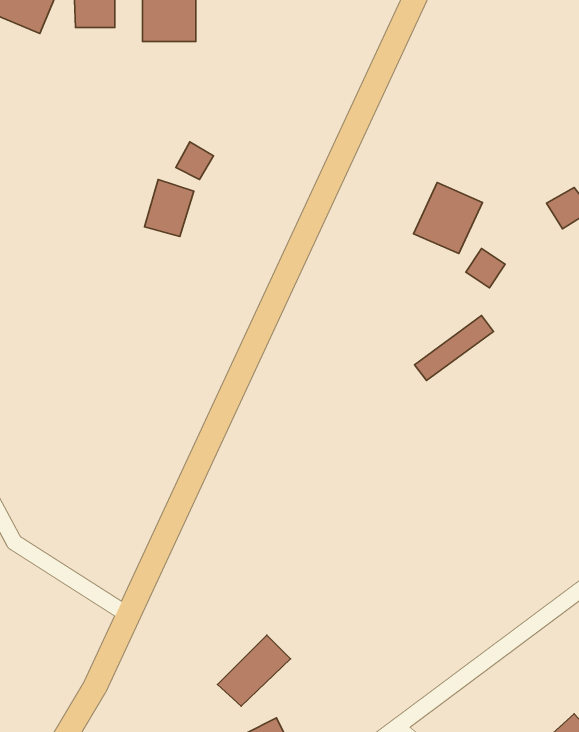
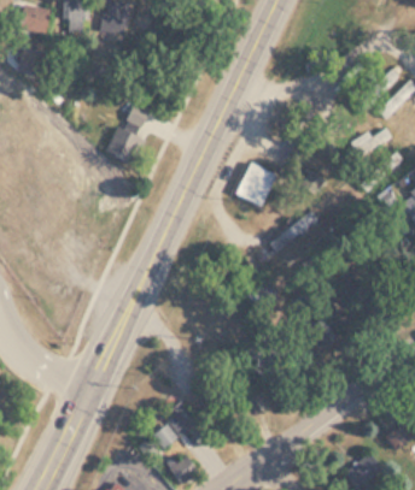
building: [414,183,483,254] -> [235,163,277,206]

